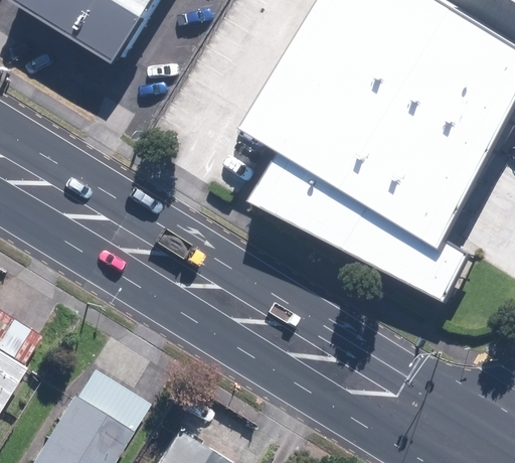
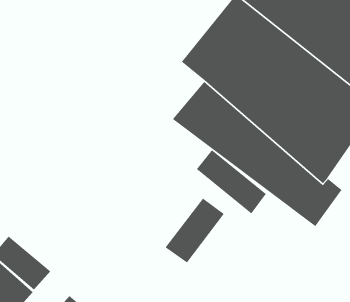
building: none -> [196,149,267,215]
building: none -> [164,197,225,264]

